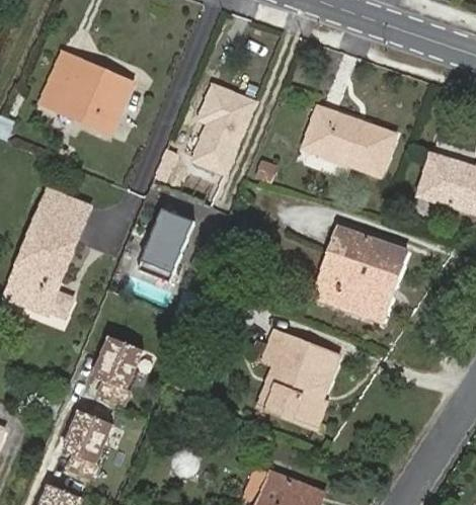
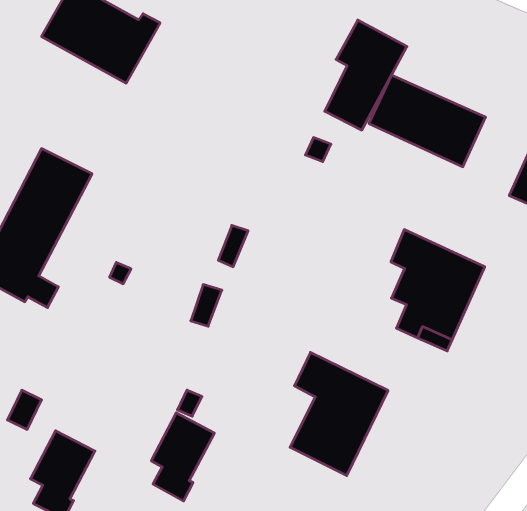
building: [193,85,253,171] -> [325,20,407,130]
building: [144,204,201,272] -> none
building: [315,254,345,306] -> none
building: [93,338,141,407] -> [151,413,214,501]

